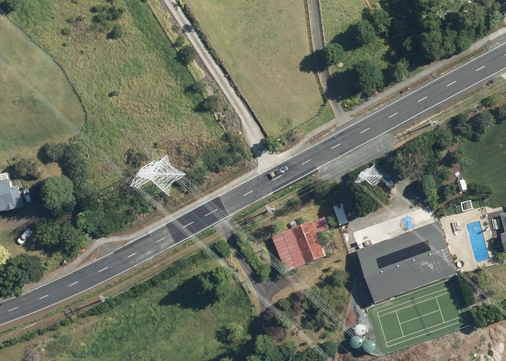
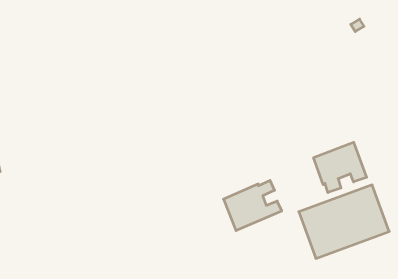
building: none -> [314,142,367,193]

